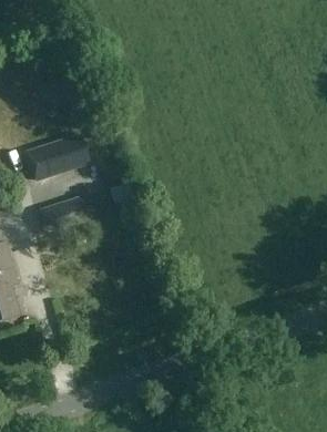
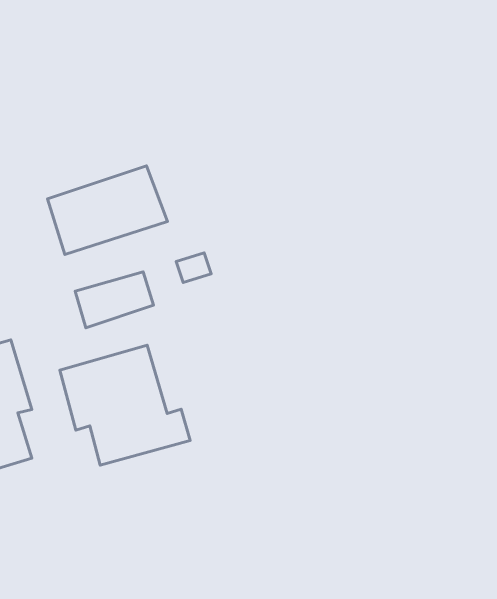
building: none -> [60,345,190,465]

